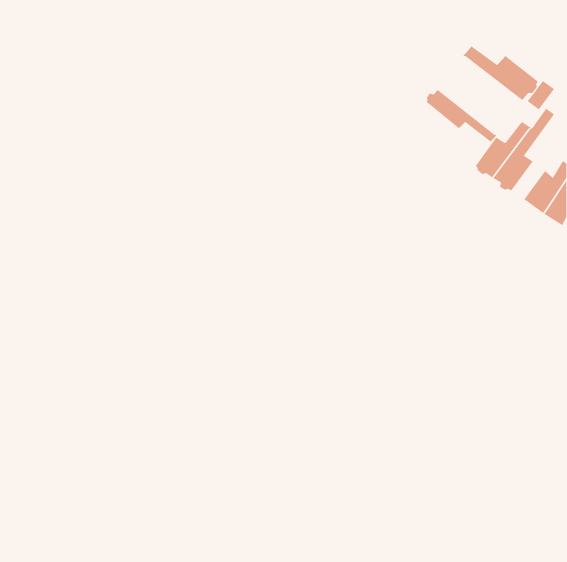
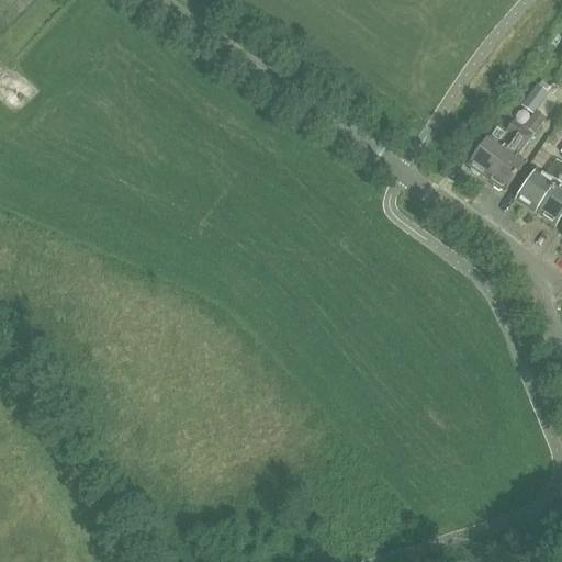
building: [462,46,539,101] -> none
building: [426,89,497,143] -> none

